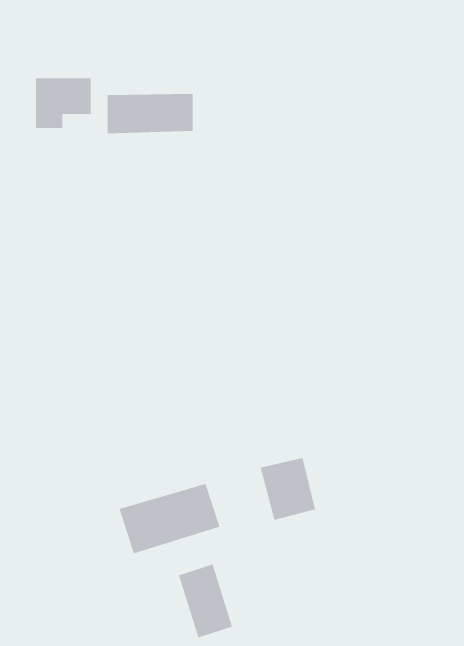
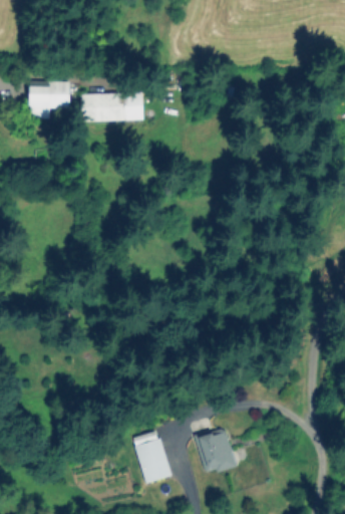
building: [260,458,316,521] -> [196,429,236,474]
building: [119,483,220,554] -> none

